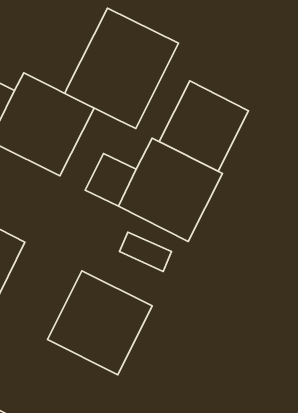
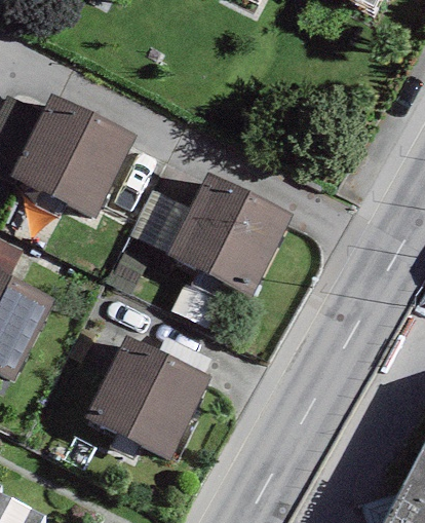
building: [65,8,179,128] -> none
building: [159,81,249,171] -> none

